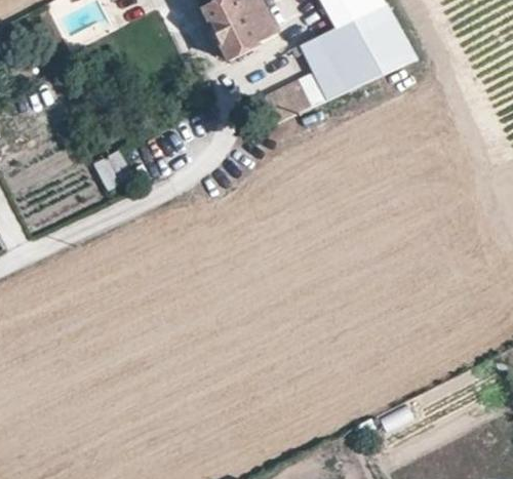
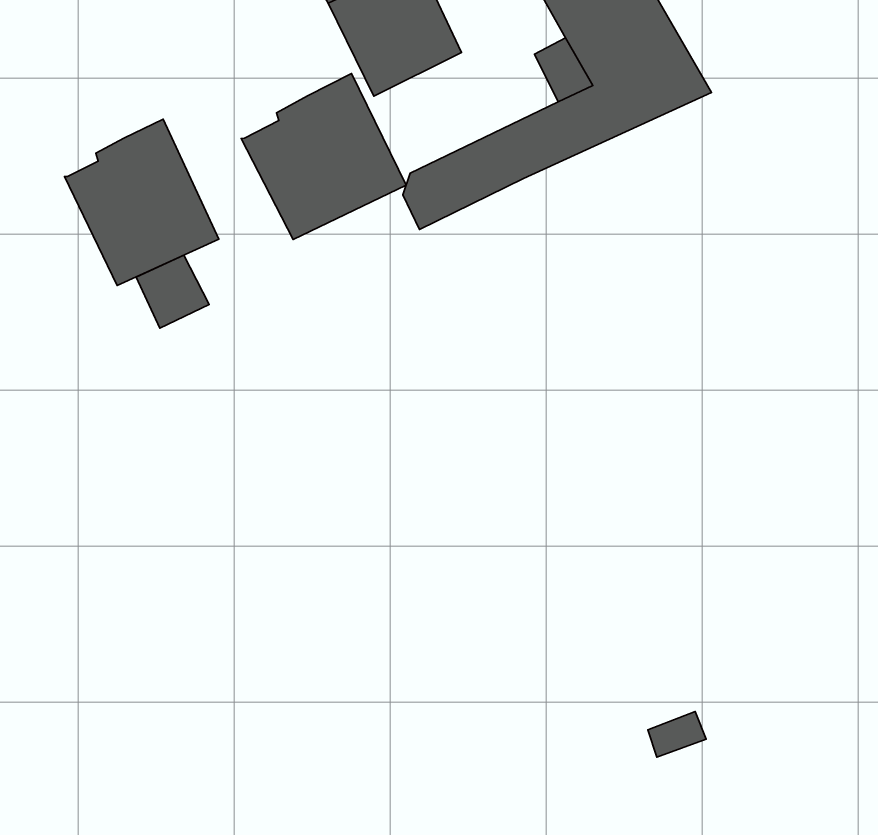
building: none -> [241,74,406,240]
building: none -> [64,119,219,285]

